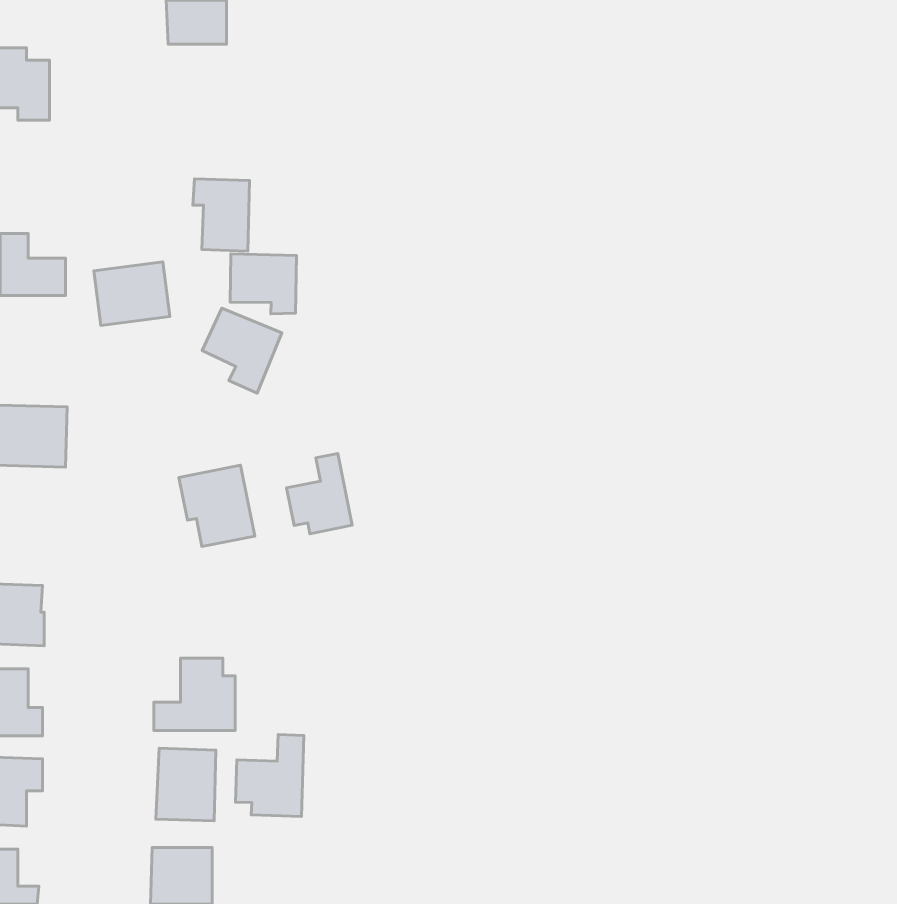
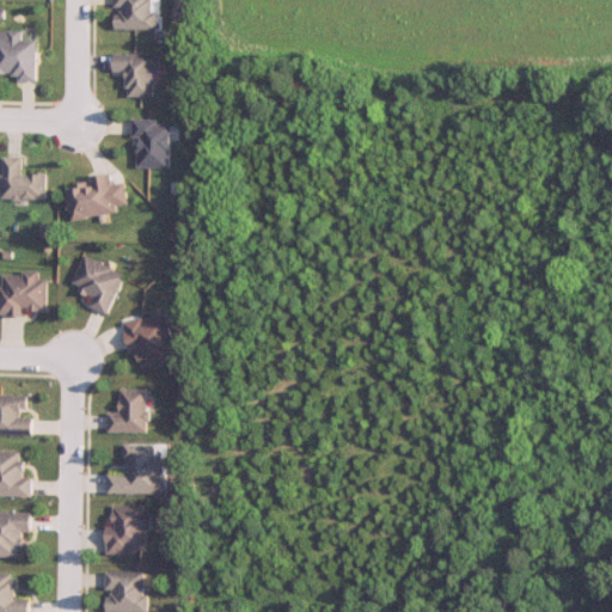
building: none -> [111,54,153,97]
building: [230,254,296,314] -> none
building: [202,308,282,393] -> [69,257,123,314]
building: [287,453,352,534] -> none
building: none -> [104,391,143,433]
building: [236,735,304,816] -> none

